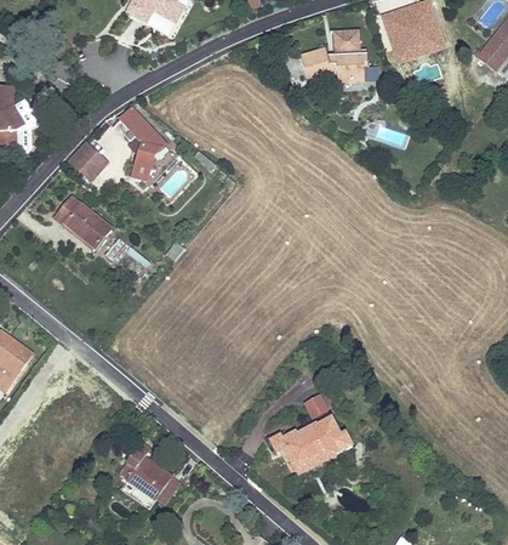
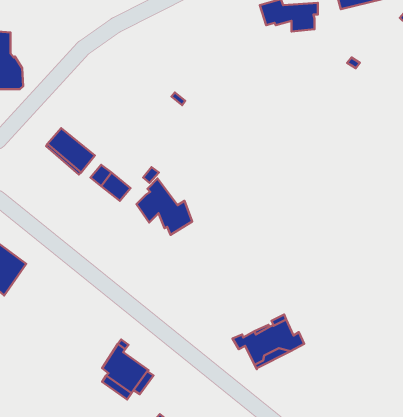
building: [119,107,165,178] -> none
building: [68,141,107,180] -> none
building: none -> [136,179,192,235]

